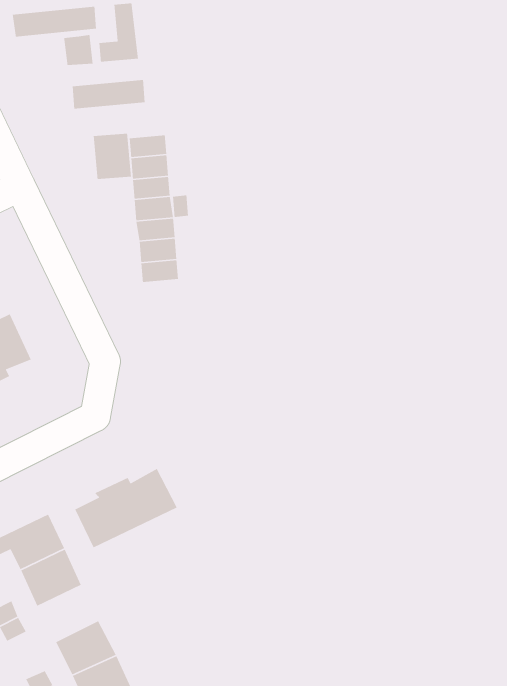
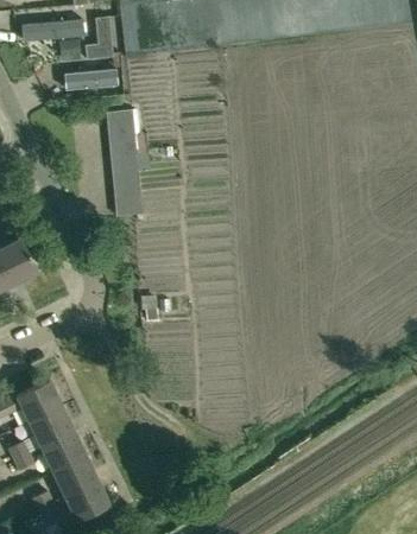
building: [93,133,132,180] -> none
building: [74,468,178,548] -> none
building: none -> [40,431,84,471]

